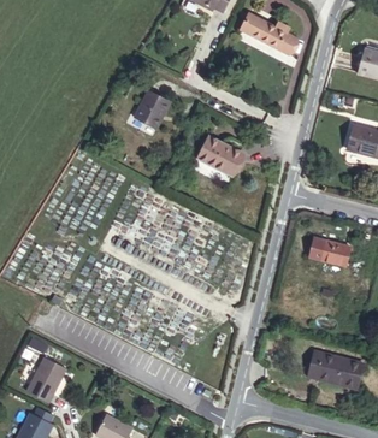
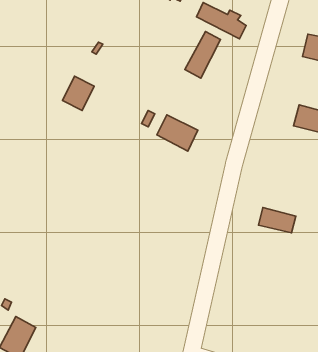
building: none -> [185,32,221,78]
building: [135,90,170,128] -> [62,76,94,110]
building: [308,350,364,387] -> none

